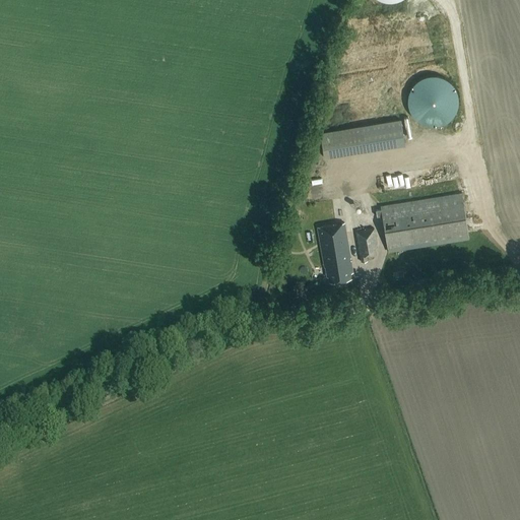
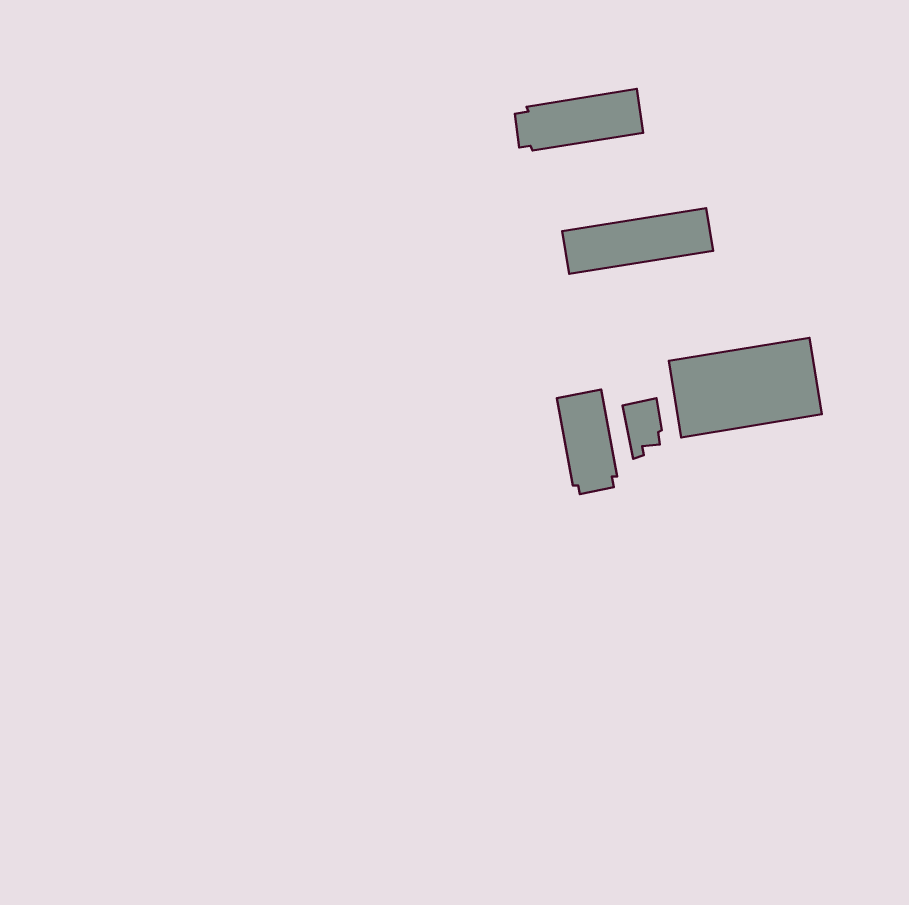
building: none -> [515,89,643,151]
building: [409,77,457,124] -> none

